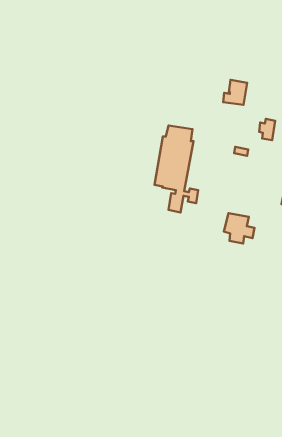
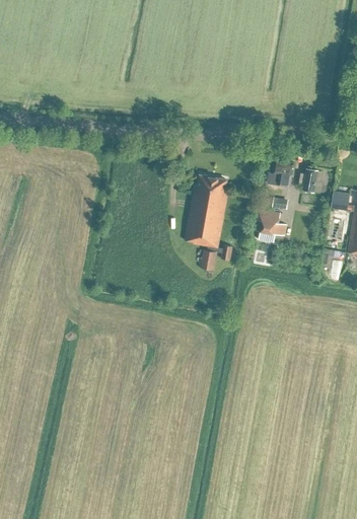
building: [223,80,247,105] -> [268,159,294,187]
building: [224,213,254,244] -> [253,209,286,242]

